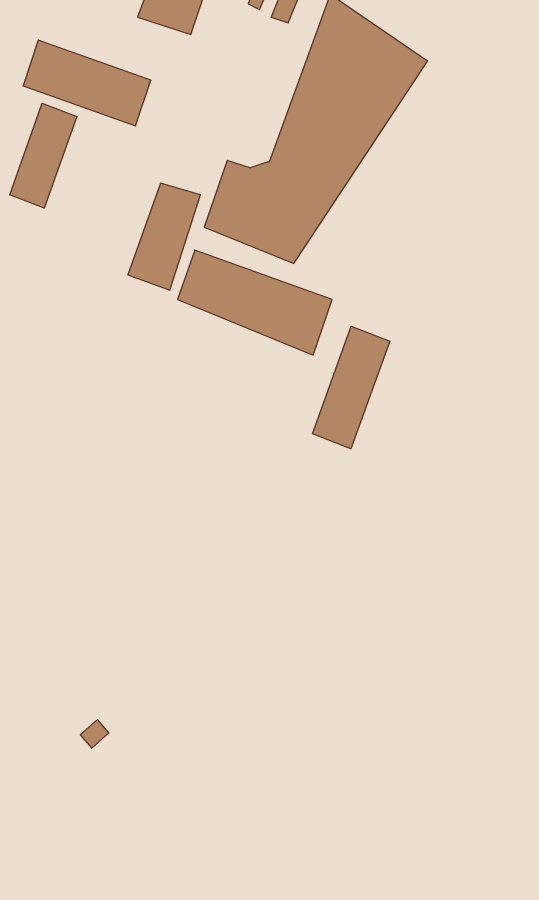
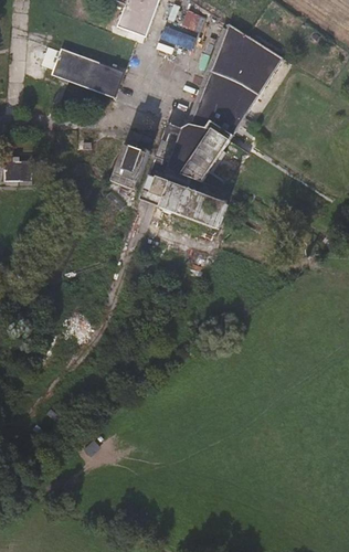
building: [10,103,77,208] -> none
building: [312,326,390,449] -> none

